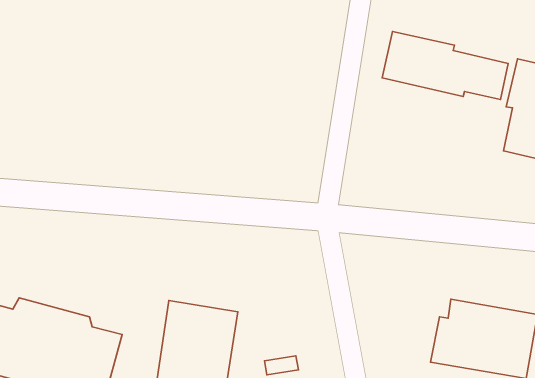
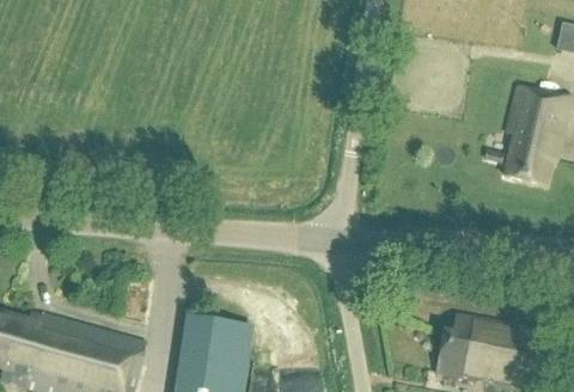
building: [382,32,508,100] -> none

